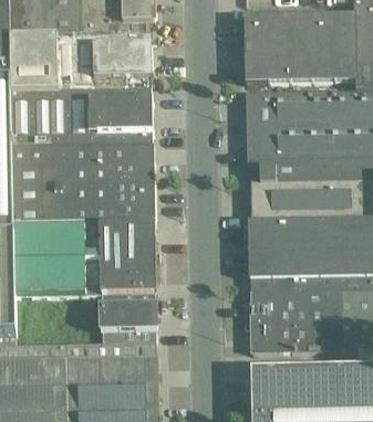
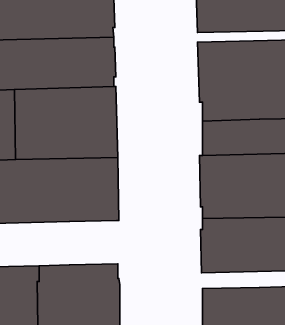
building: [101,292,157,341] -> none

